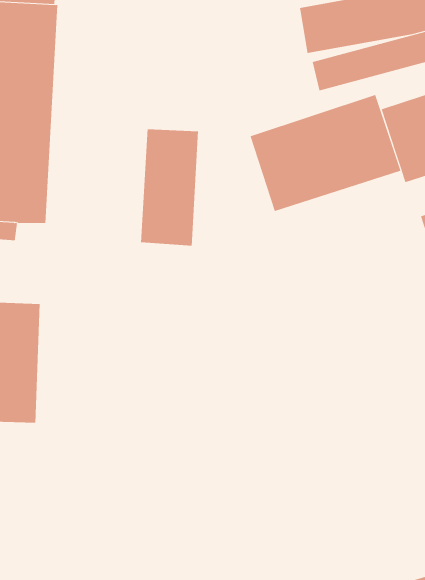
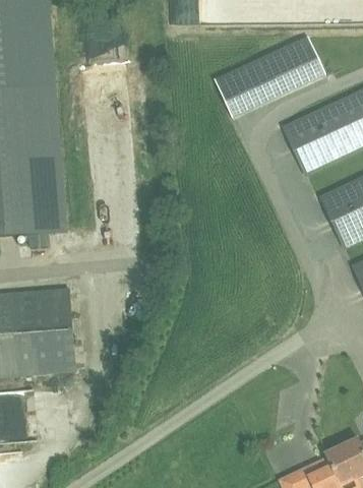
building: [250,94,401,212] -> none
building: [140,128,199,247] -> none

